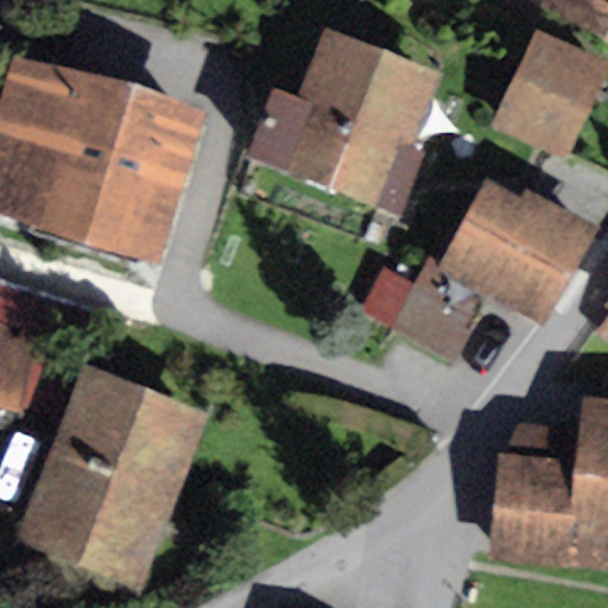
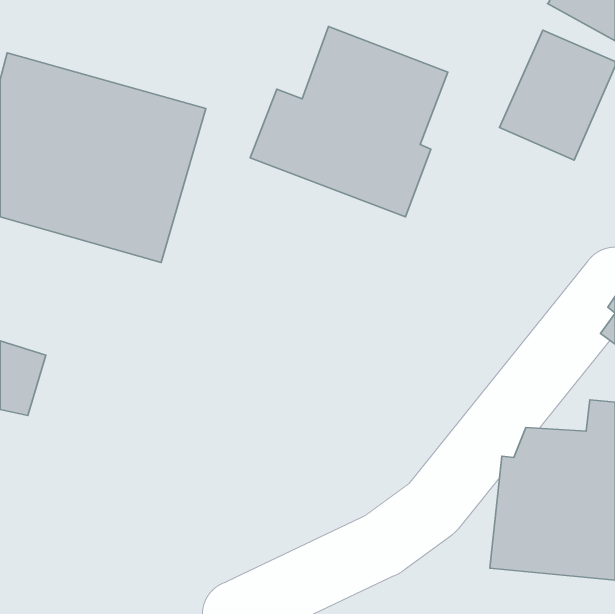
building: [388,179,596,363] -> none
building: [15,363,211,589] -> none

